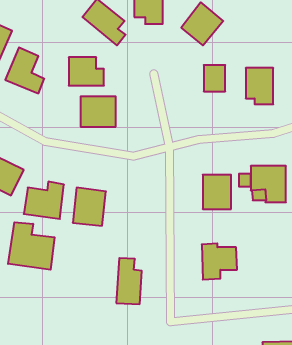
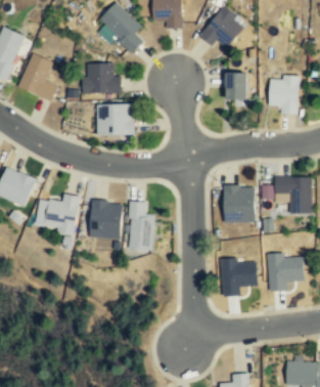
building: [8,222,55,270] -> none
building: none -> [269,252,306,291]
building: [116,258,142,304] -> [127,202,153,250]

